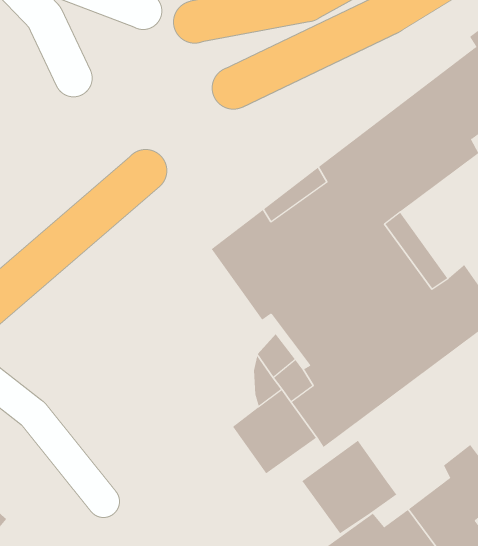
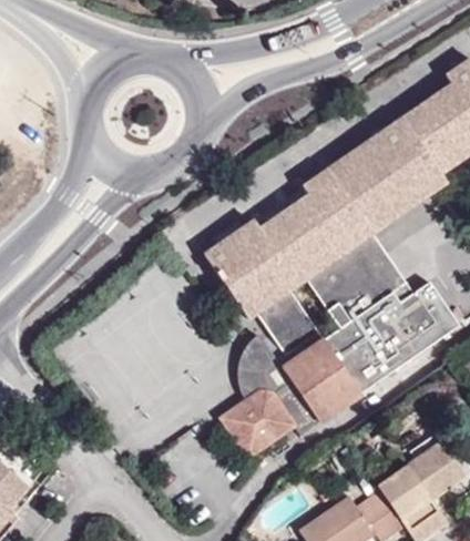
building: [301,440,397,534] -> none

